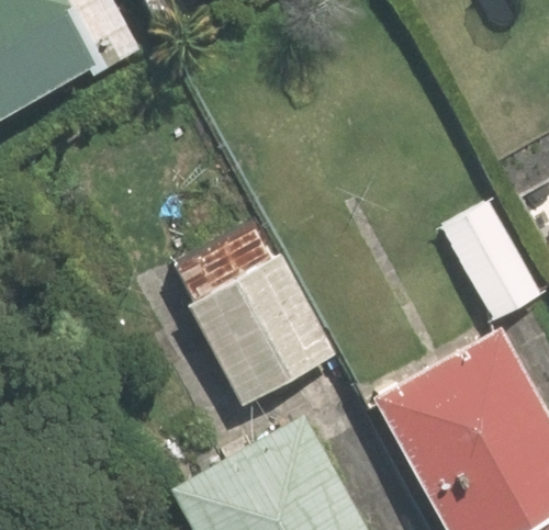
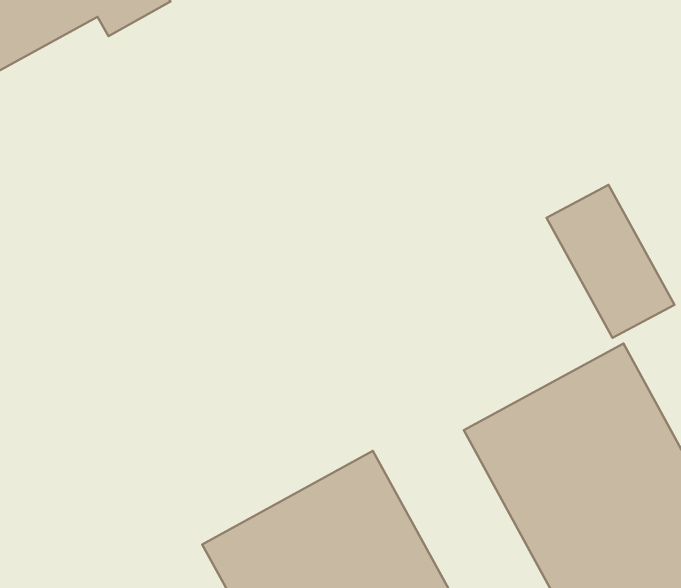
building: [166,221,335,409] -> none

